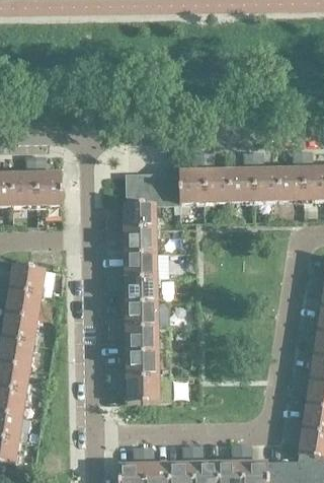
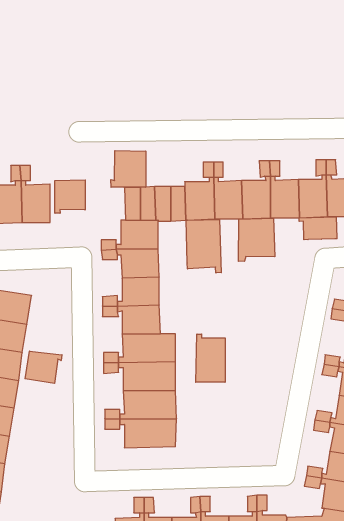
building: none -> [111,151,146,187]
building: none -> [55,180,85,213]
building: none -> [299,217,337,240]
building: none -> [239,218,275,261]
building: none -> [186,219,221,273]
building: none -> [196,334,225,382]
building: none -> [25,351,62,383]

